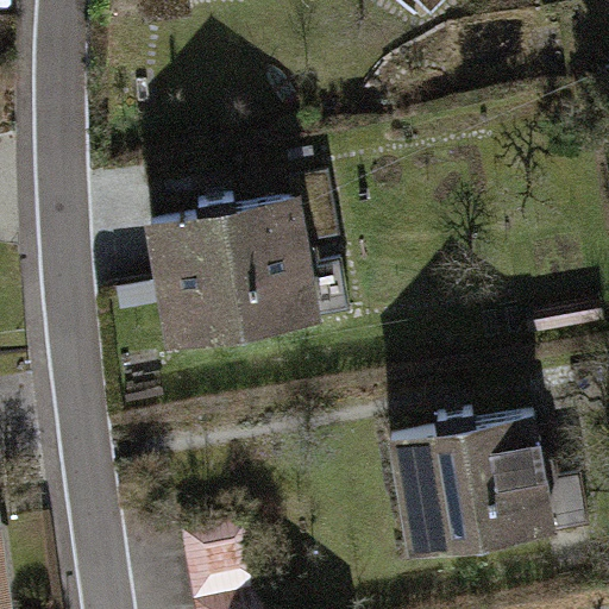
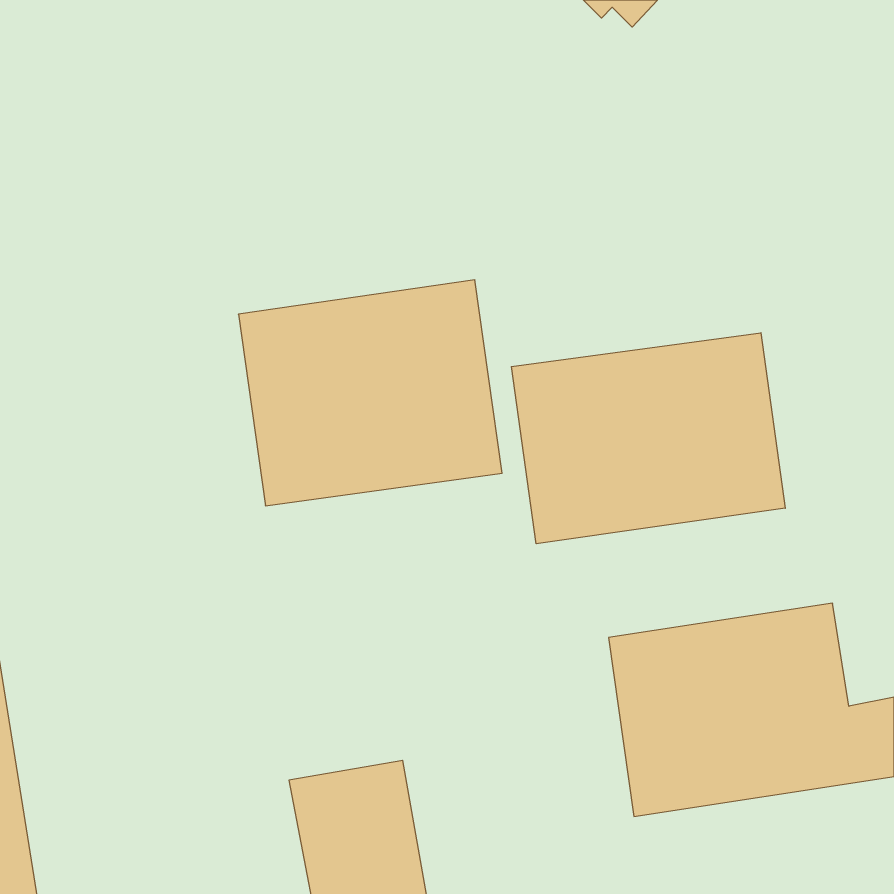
building: none -> [511,333,785,544]

